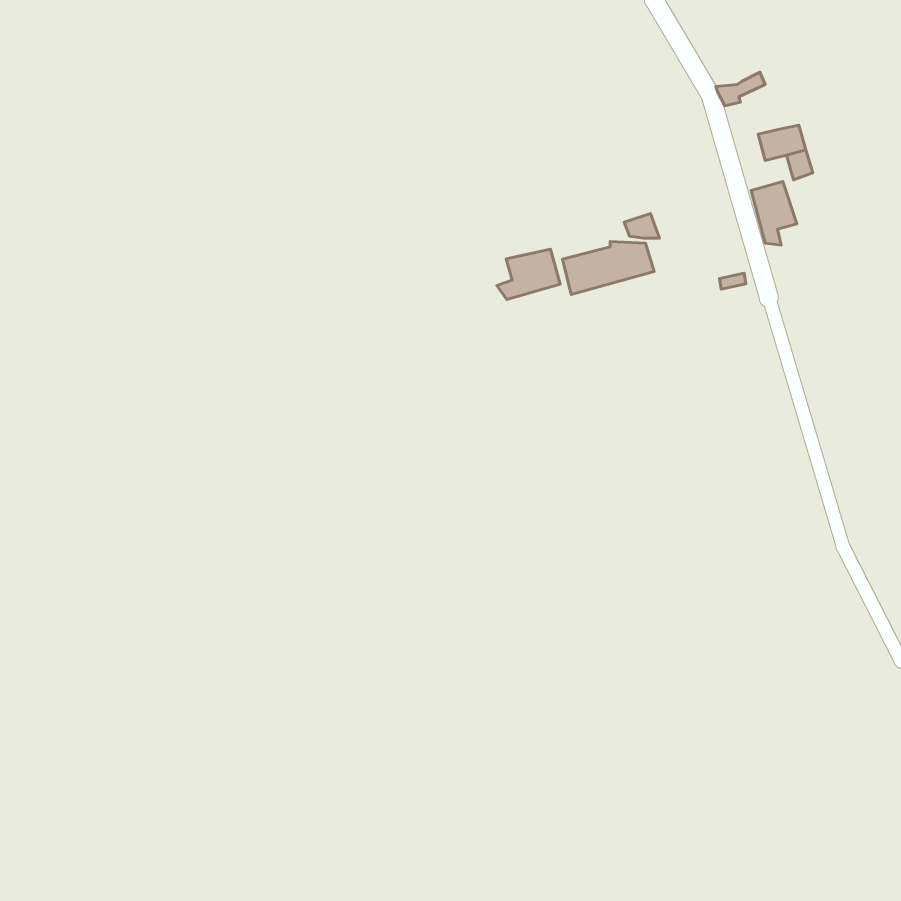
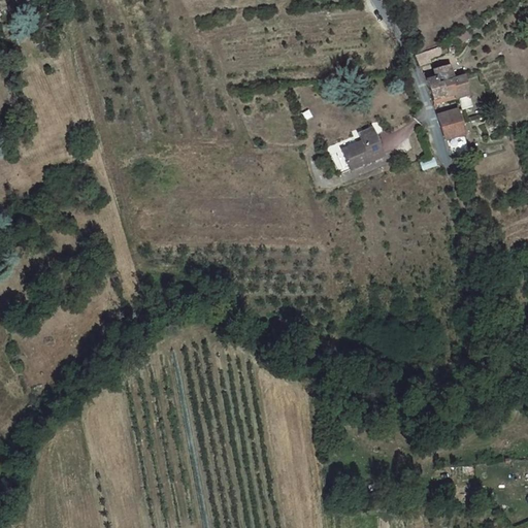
building: none -> [428,63,457,97]
building: [497,249,560,300] -> none

